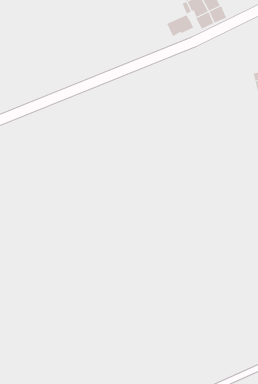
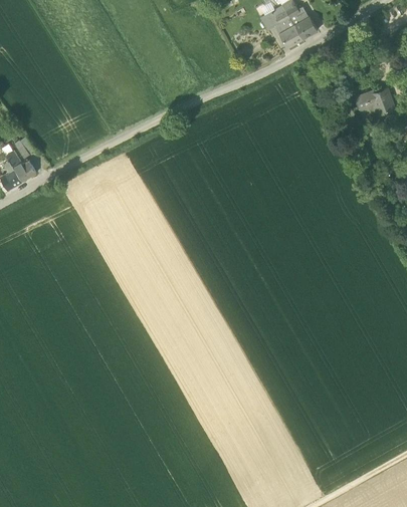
building: [167,14,194,37] -> none

